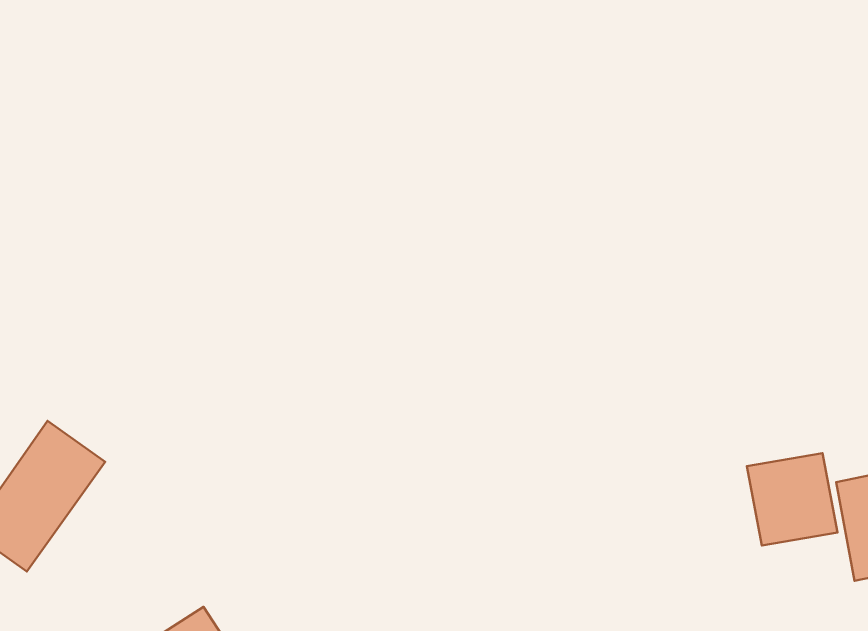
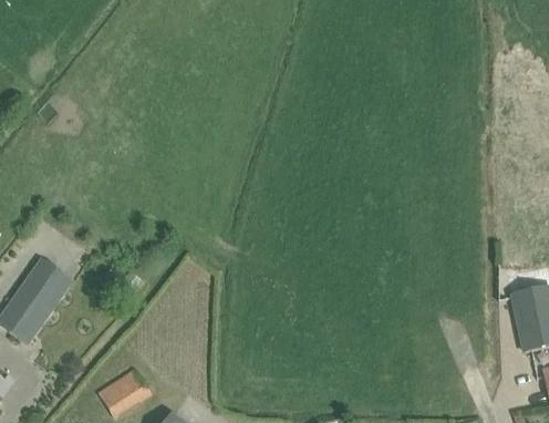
building: [747,453,838,546] -> none

